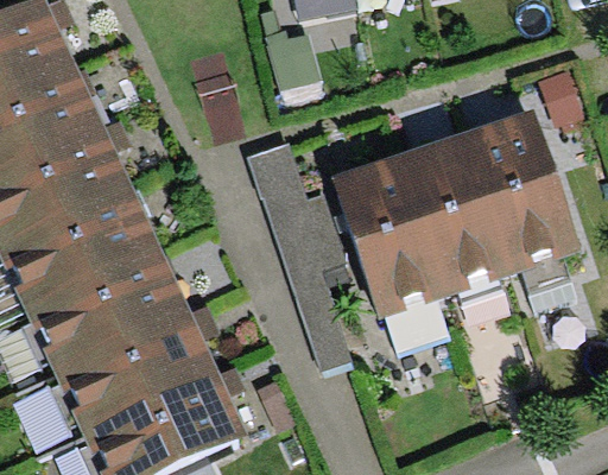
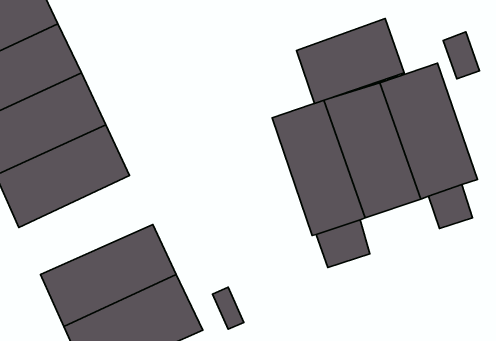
building: none -> [297,18,404,103]
building: [248,144,353,372] -> none
building: [24,246,186,366] -> none

